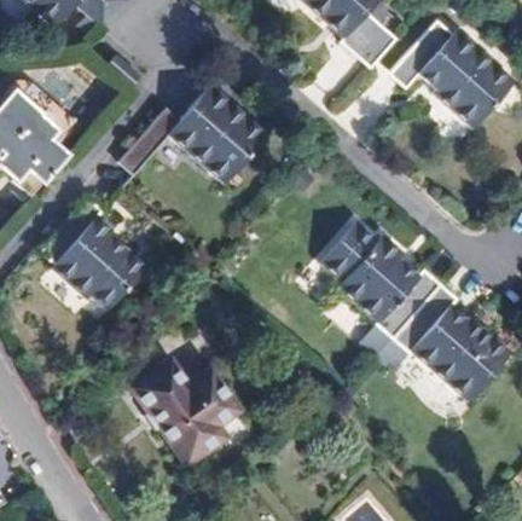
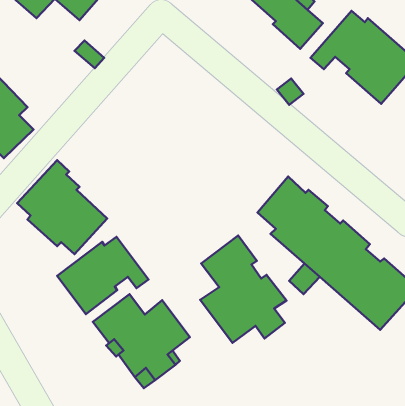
building: [118,86,268,185] -> none
building: none -> [200,236,286,343]
building: none -> [57,237,149,314]

